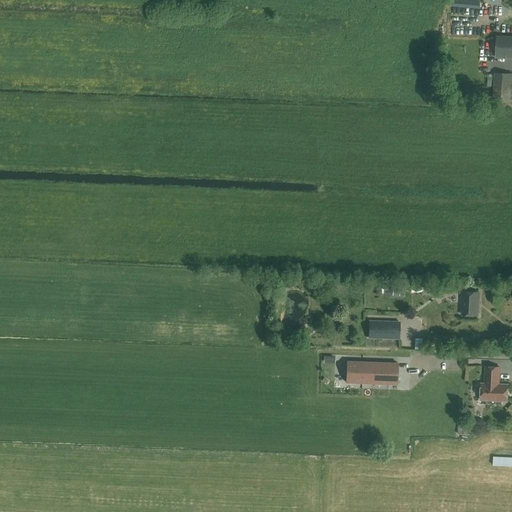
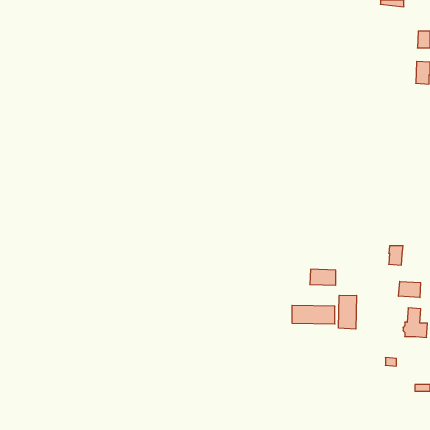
building: none -> [398,281,421,298]
building: none -> [339,295,356,329]

